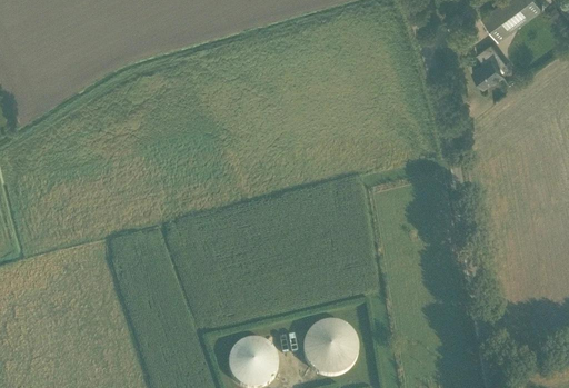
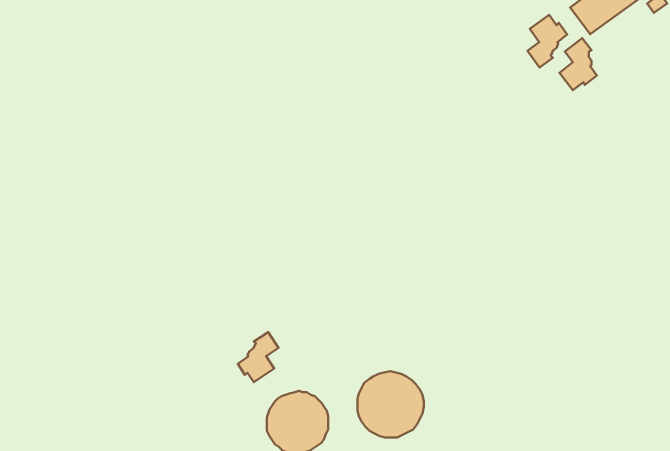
building: none -> [528,15,567,67]
building: none -> [238,332,279,382]

